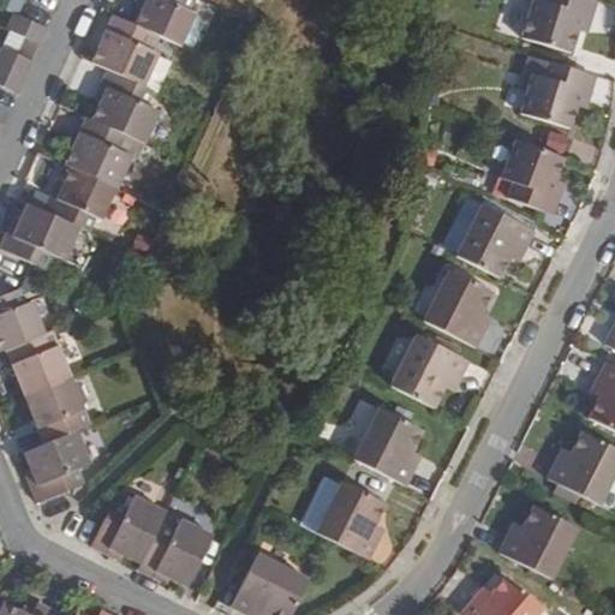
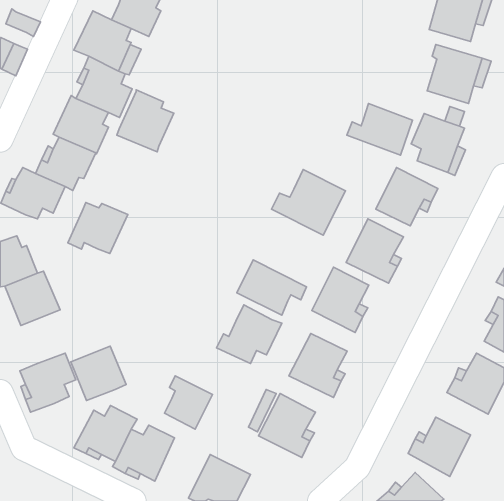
building: none -> [117,90,174,152]
building: none -> [347,104,412,155]
building: none -> [271,170,346,235]
building: none -> [68,202,128,254]
building: none -> [237,260,307,315]
building: none -> [217,305,282,364]
building: [25,377,92,443] -> [71,346,126,400]
building: none -> [164,376,213,429]

